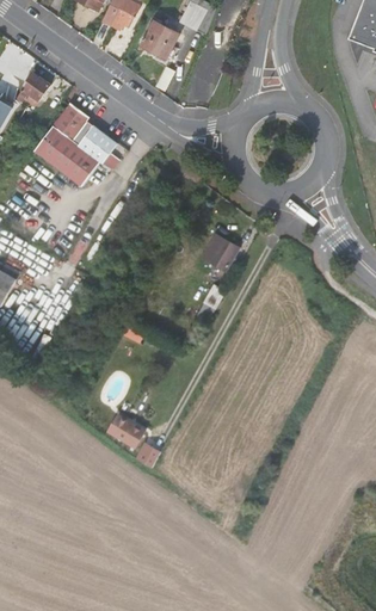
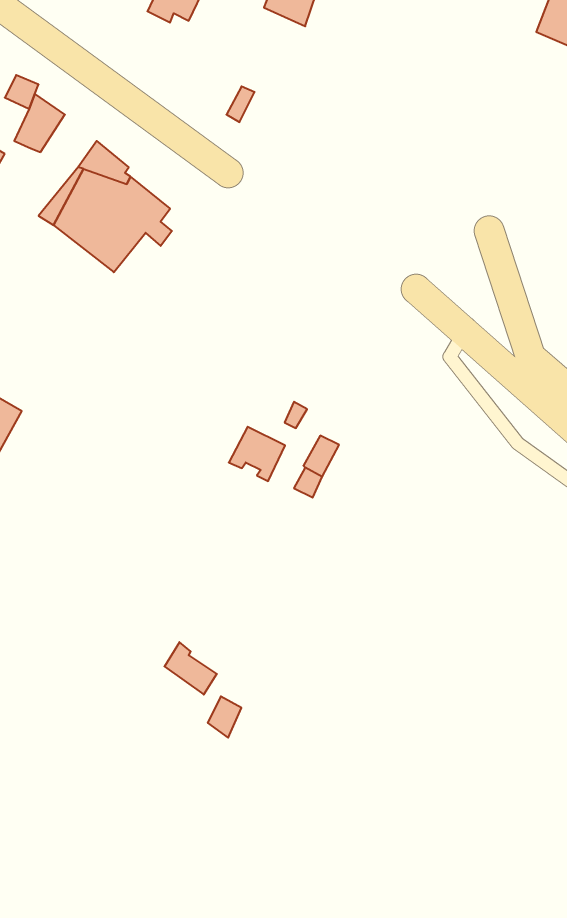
building: [144,18,177,53] -> none
building: [201,236,236,271] -> [229,427,285,481]

